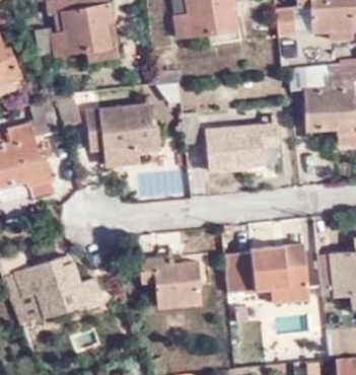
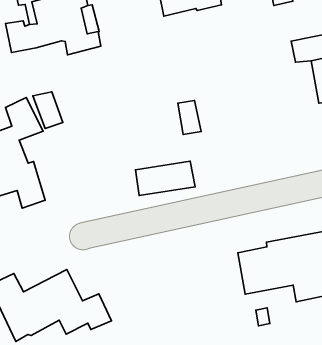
building: [87,106,159,168] -> none
building: [208,124,279,172] -> none
building: [140,258,200,310] -> none

